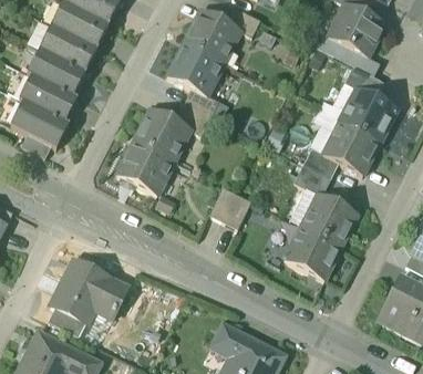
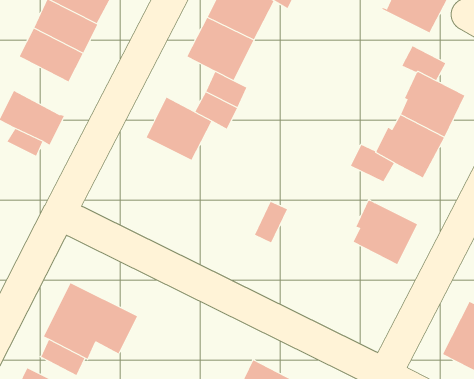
building: [22,77,75,123] -> none
building: [117,142,172,194] -> none
building: [292,165,329,195] -> none
building: [283,227,340,279] -> none

